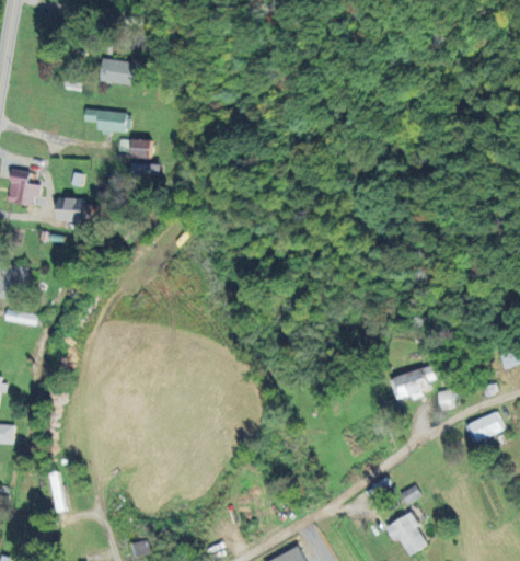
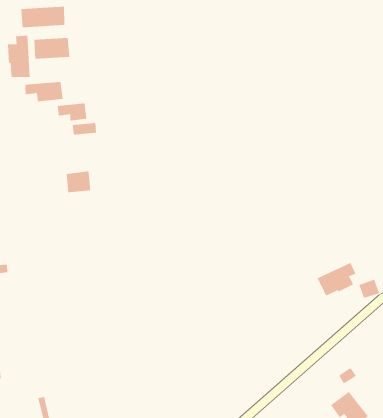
building: none -> [21,6,65,28]
building: none -> [8,35,30,78]
building: [56,198,84,221] -> [66,171,91,193]

